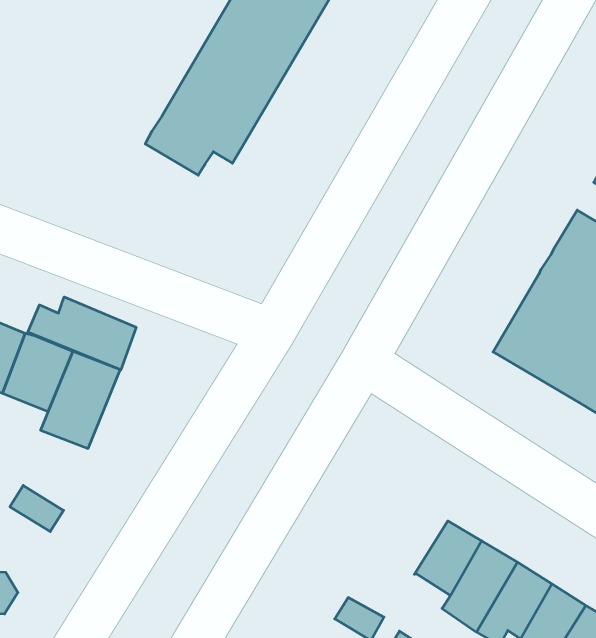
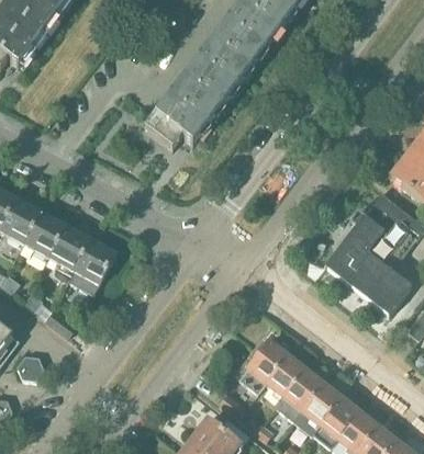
building: [28,297,136,370] -> none
building: none -> [237,337,288,394]

